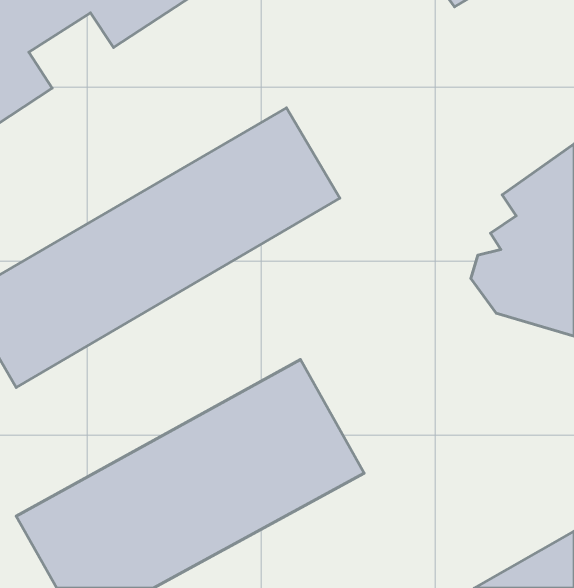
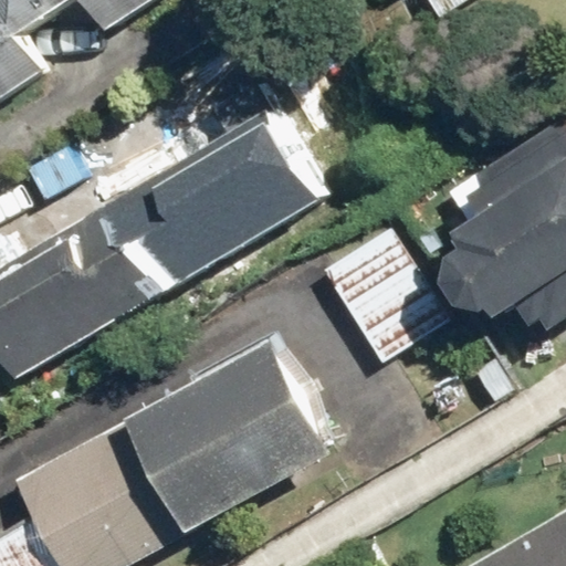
building: none -> [316,226,446,363]

